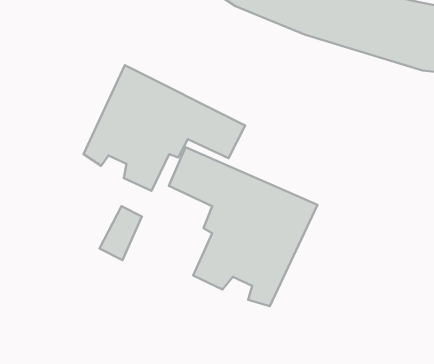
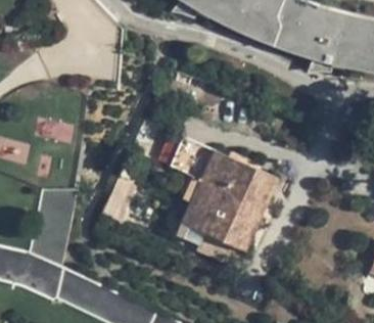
building: [83,65,245,191] -> none

